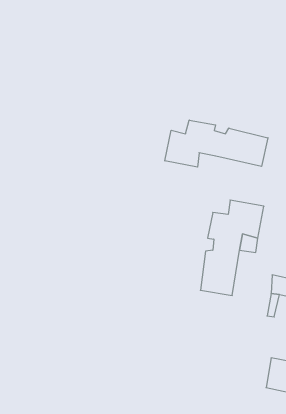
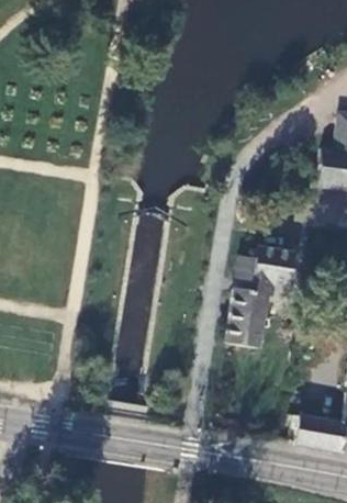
building: [165,120,268,167] -> none

